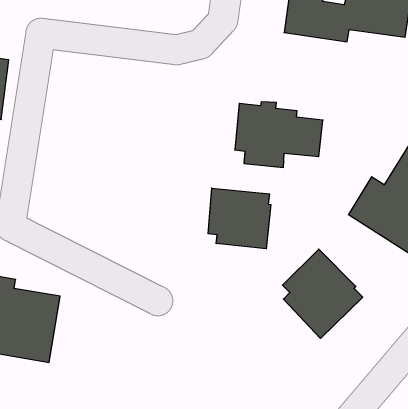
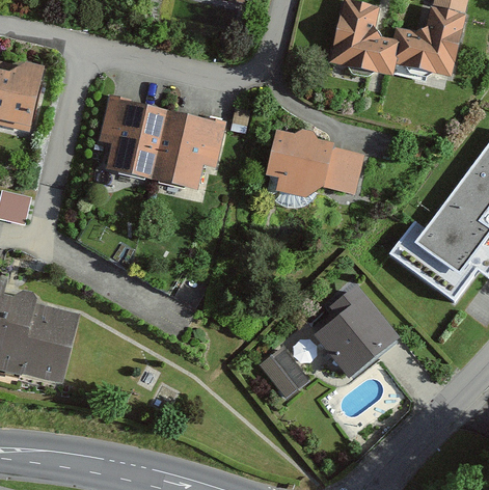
building: none -> [99,97,224,187]
building: [208,188,271,249] -> none
building: none -> [257,347,306,398]

